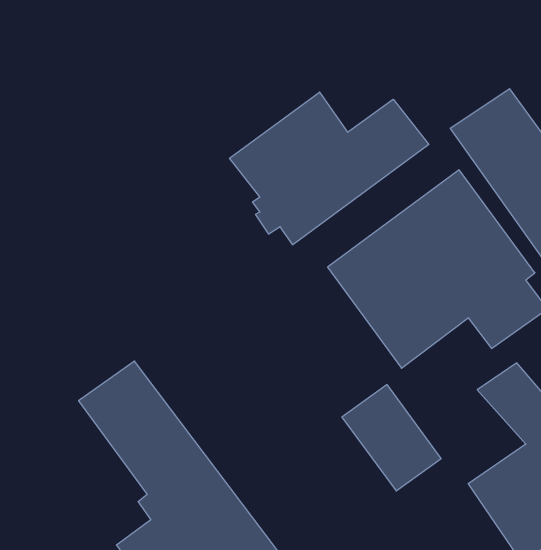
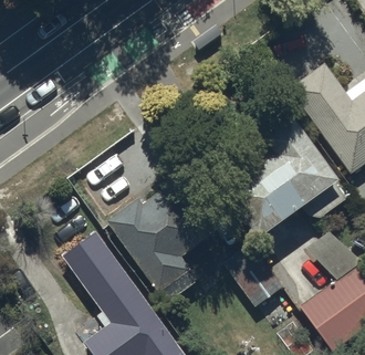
building: [230,92,429,245] -> none
building: none -> [107,182,215,304]

